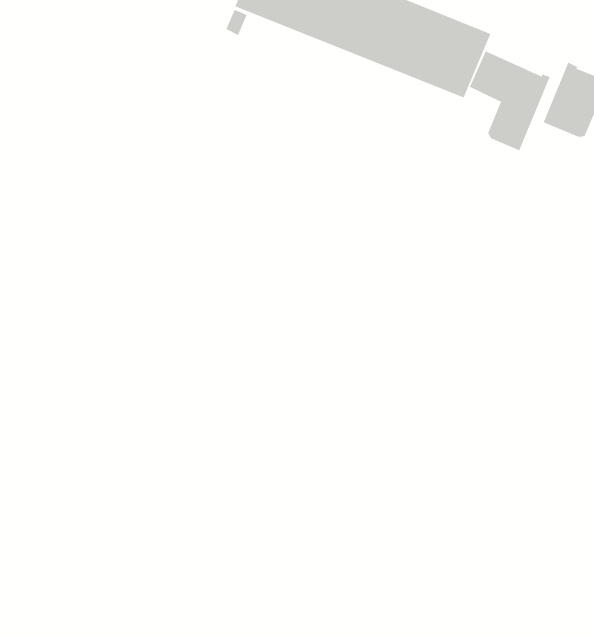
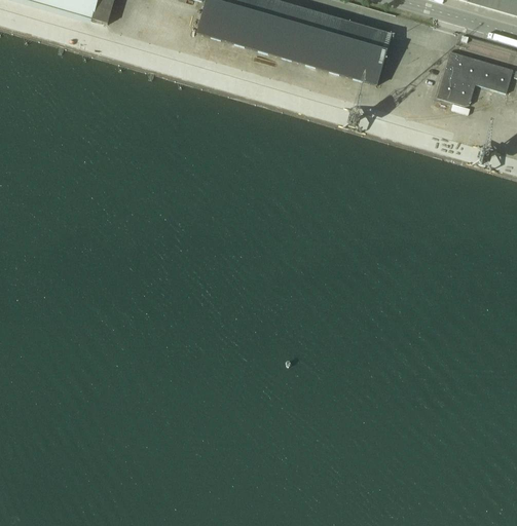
building: [469,51,551,151] -> none

